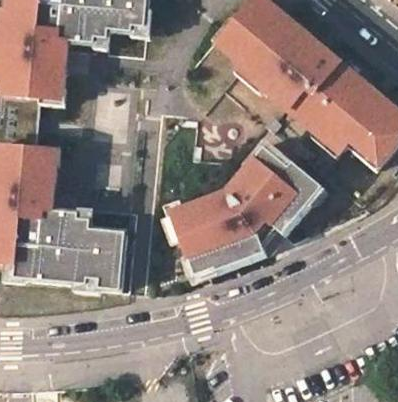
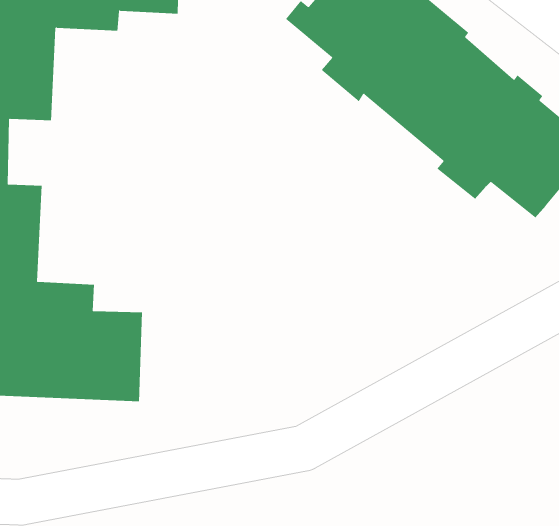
building: [165,144,324,276] -> none

